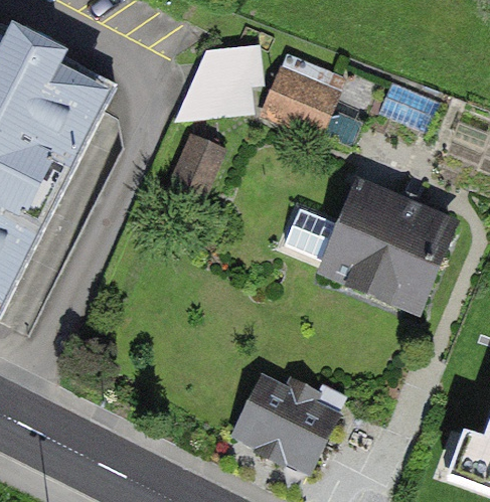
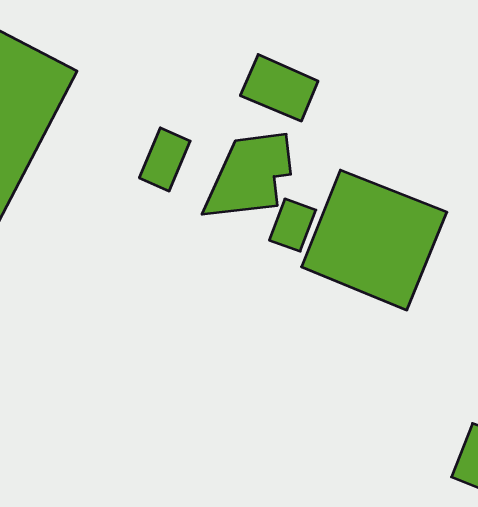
building: [181,45,262,118] -> [202,134,291,214]
building: [239,381,335,472] -> none

